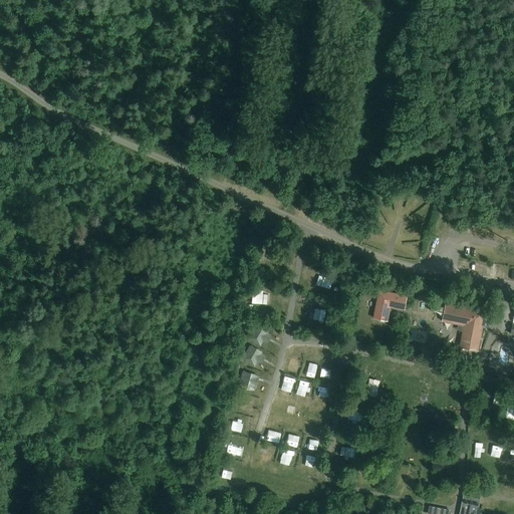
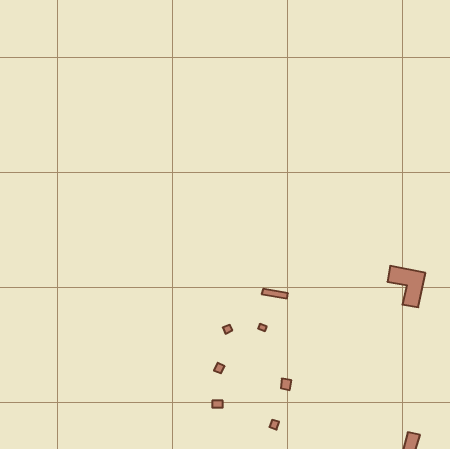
building: [373,291,407,322] -> none

